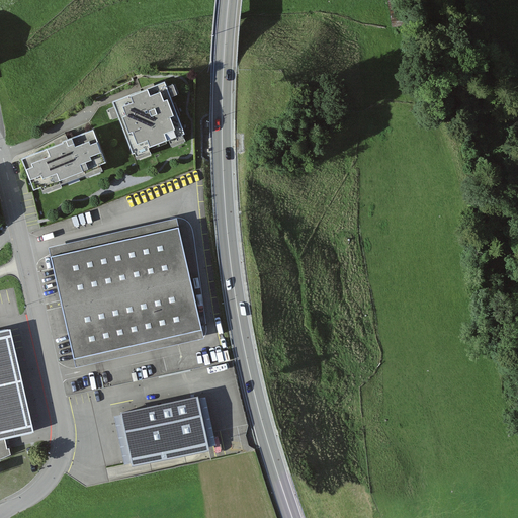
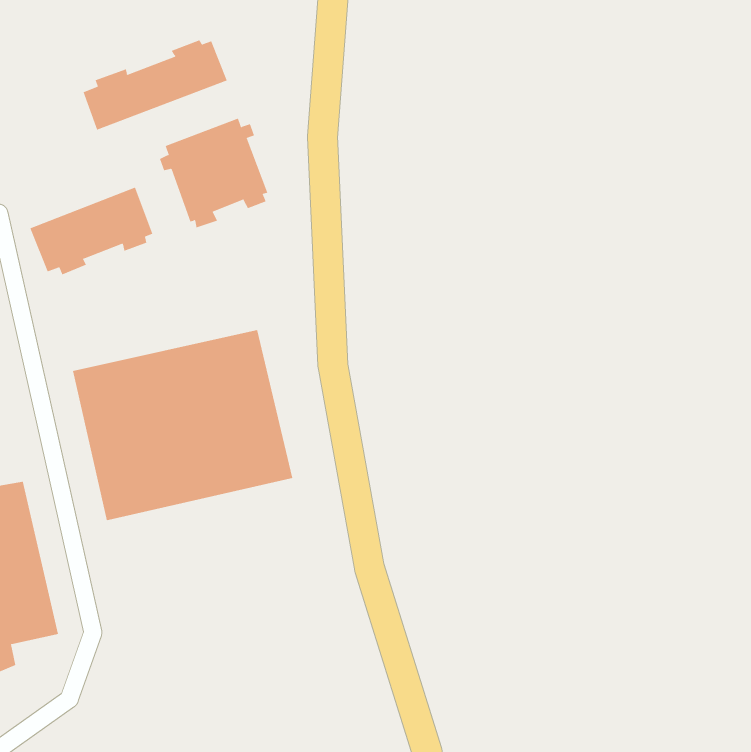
building: none -> [83,39,228,130]
building: [111,394,209,473] -> none

